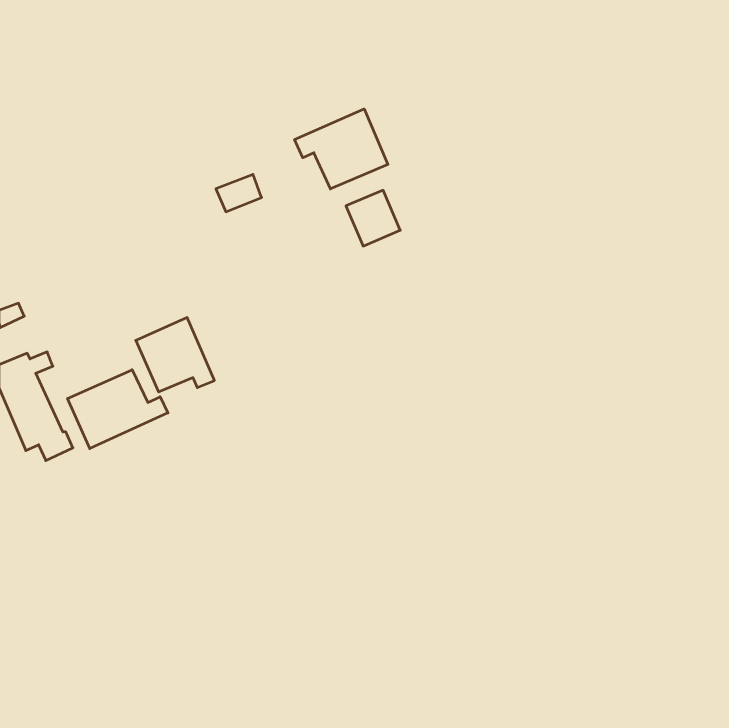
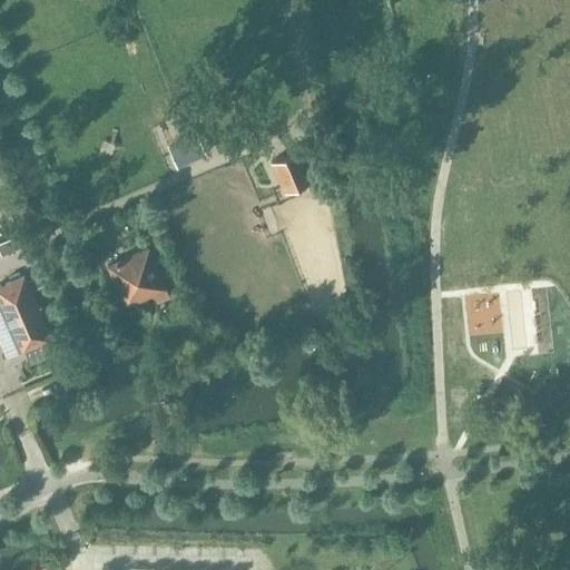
building: [295,109,388,189] -> none
building: [68,370,168,449] -> none

